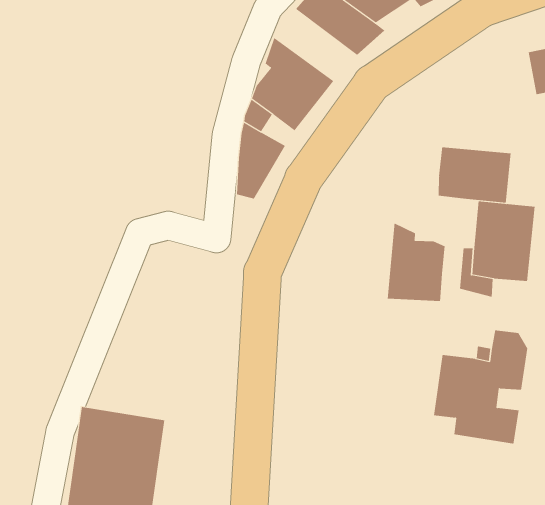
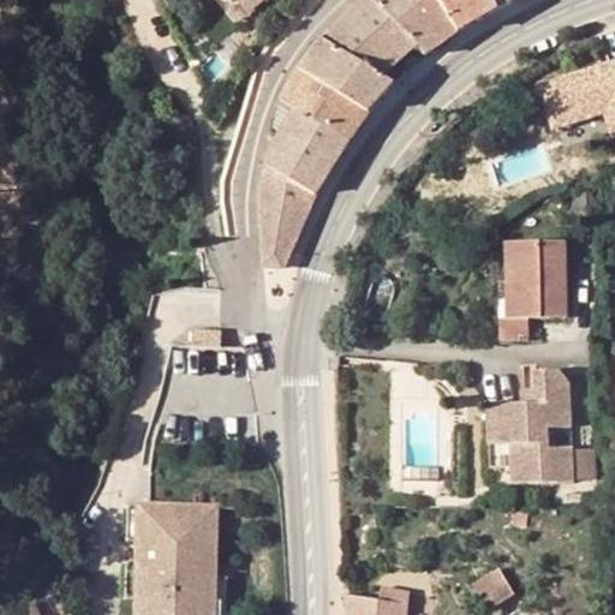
building: none -> [281,71,368,139]
building: [438,146,511,204] -> none
building: [387,222,445,302] -> none

